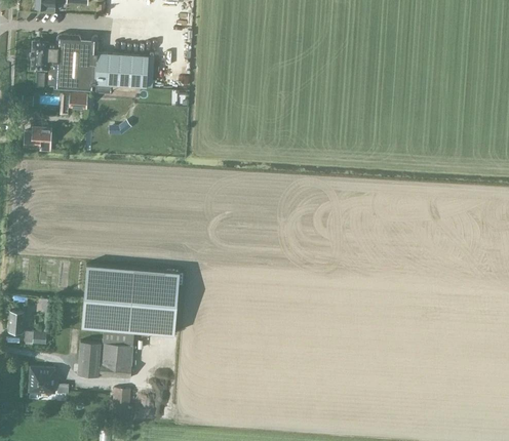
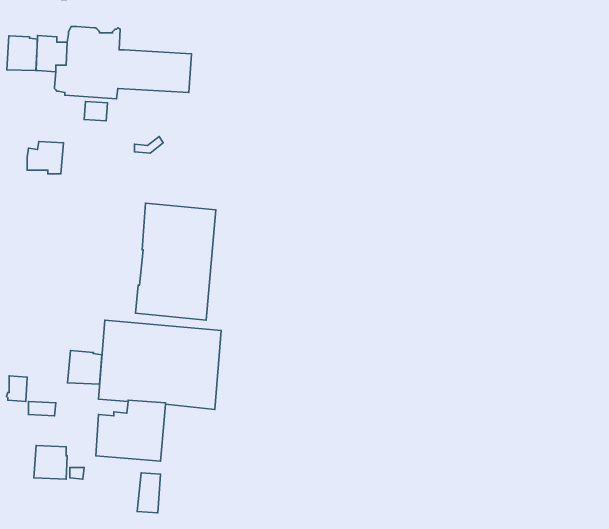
building: none -> [7,36,37,70]
building: none -> [136,203,216,320]
building: none -> [68,351,102,384]

